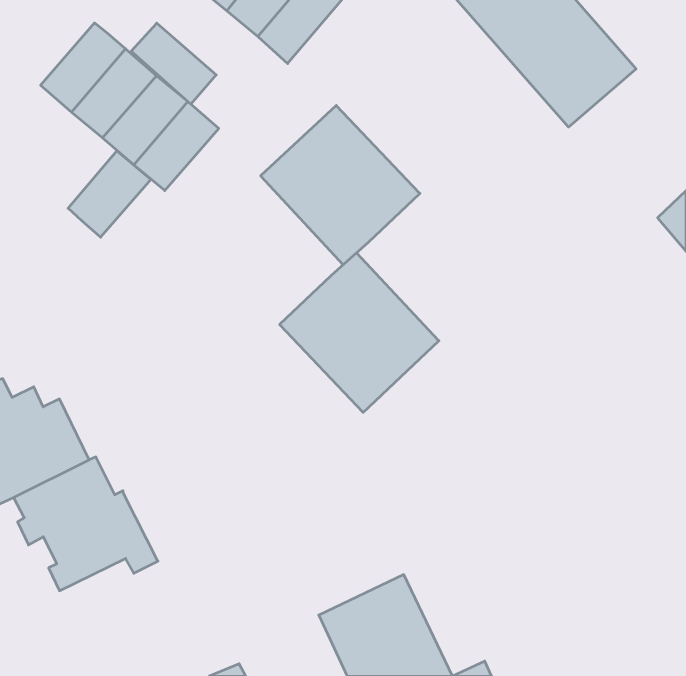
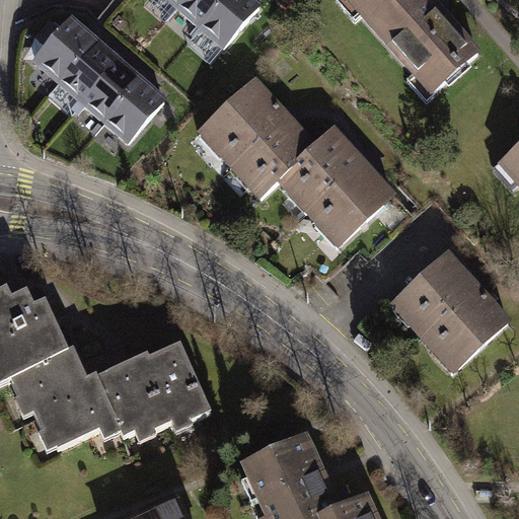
building: [131,23,216,104] -> none
building: [68,151,151,237] -> none
building: [280,253,439,412] -> [277,128,396,247]
building: none -> [391,251,511,371]
building: none -> [93,335,210,431]

